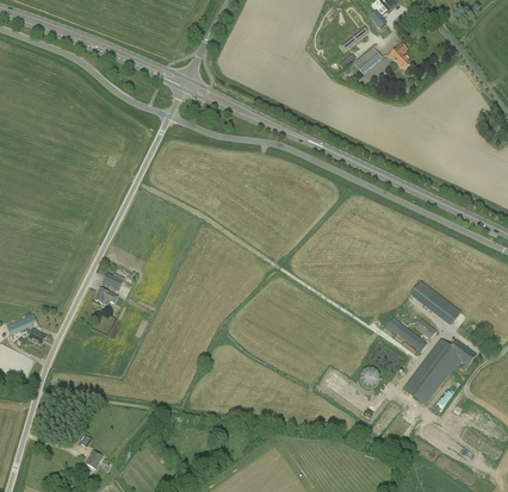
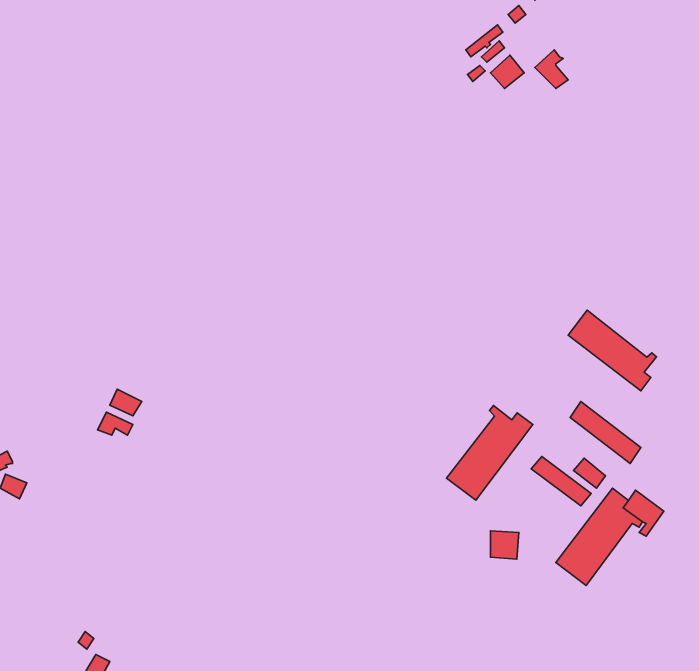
building: none -> [568,310,657,391]
building: none -> [447,406,533,500]

